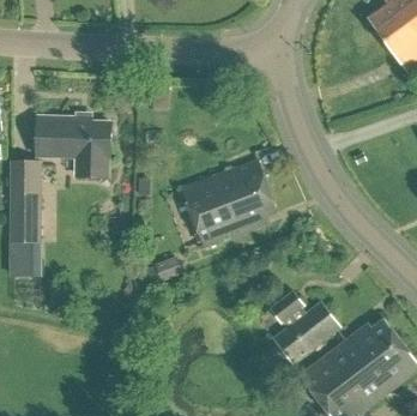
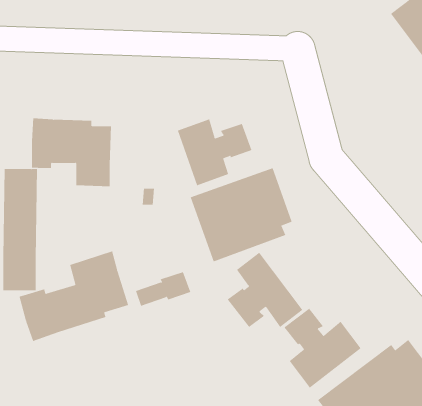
building: none -> [177,119,252,186]
building: none -> [19,250,129,342]
building: none -> [227,252,303,328]

